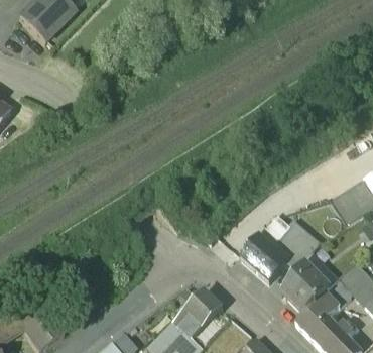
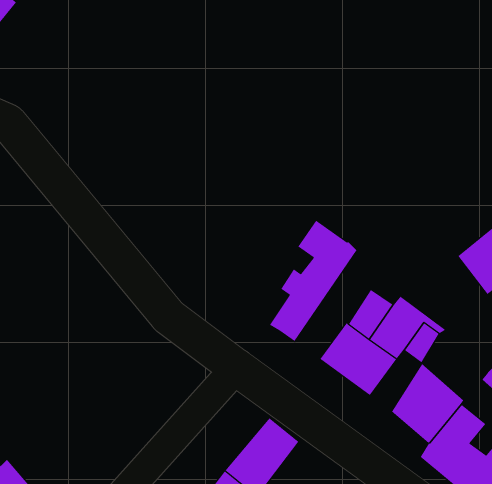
building: none -> [269,220,357,342]

